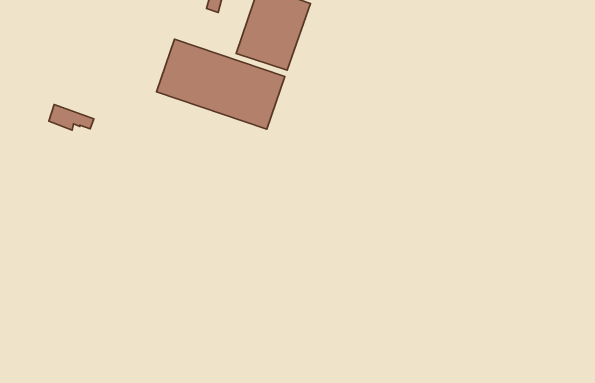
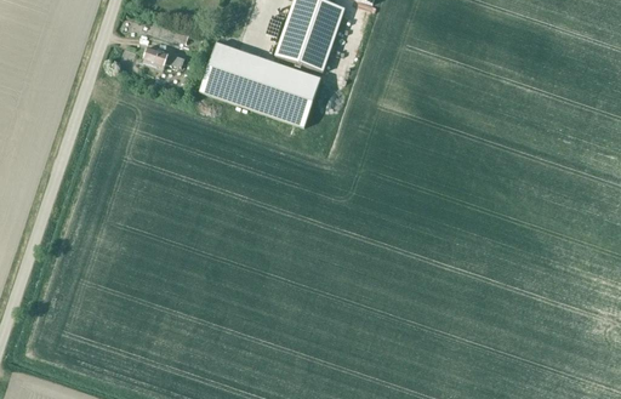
building: [49,105,94,130] -> [142,45,184,69]

